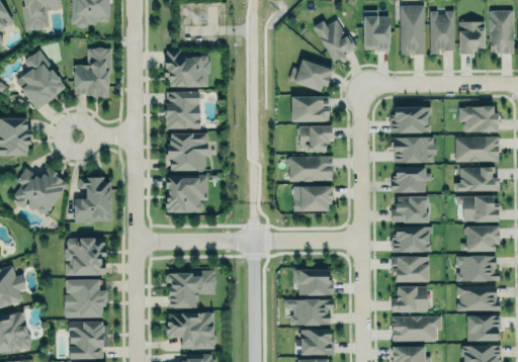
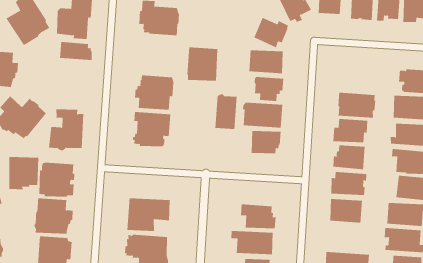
building: [166,92,200,129] -> [186,47,218,81]
building: none -> [59,41,92,61]
building: [390,107,430,132] -> none
building: none -> [215,94,237,130]
building: none -> [9,156,39,190]
building: [391,286,427,312] -> none

